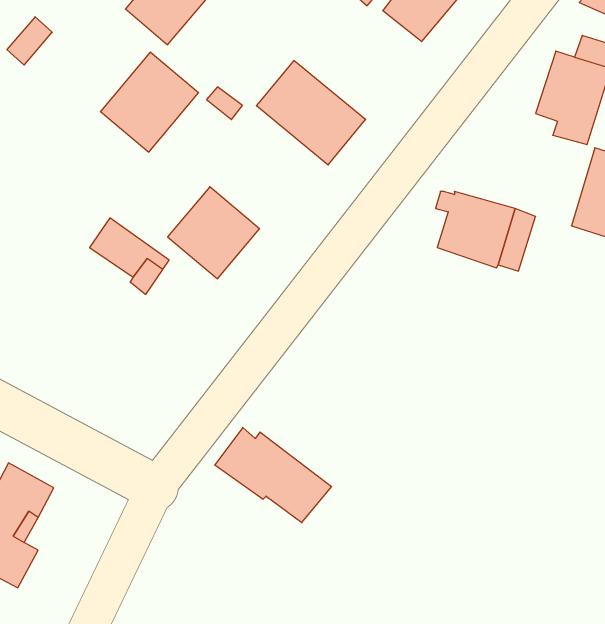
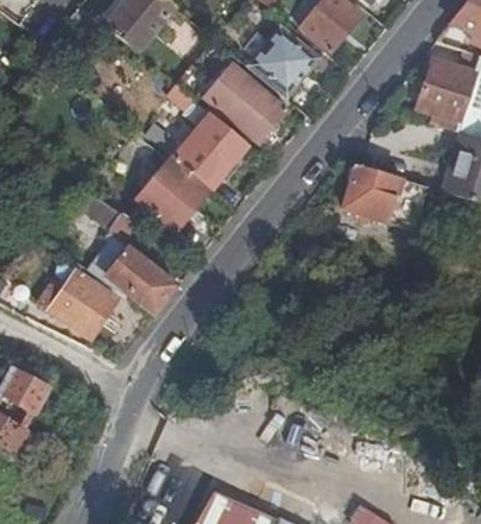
building: none -> [251,29,316,95]
building: [100,52,199,152] -> [172,114,247,190]
building: none -> [49,272,114,337]
building: [215,427,332,523] -> [88,241,177,314]

